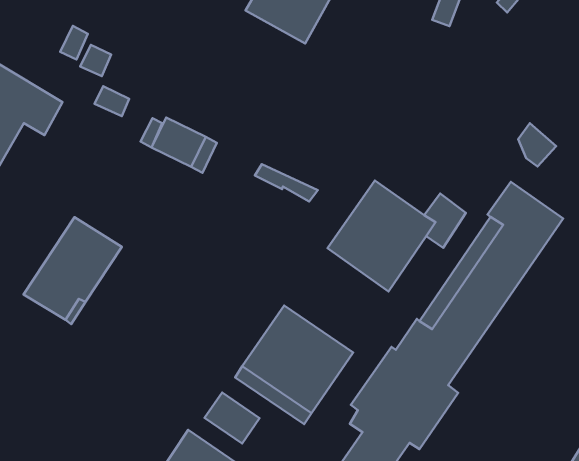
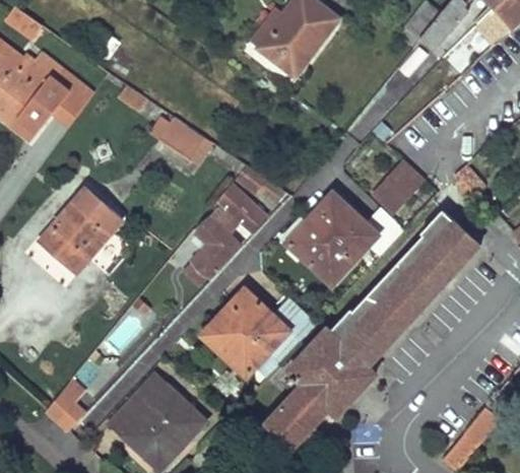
building: none -> [373,163,419,212]
building: none -> [182,201,263,285]
building: [205,393,260,443] -> none

